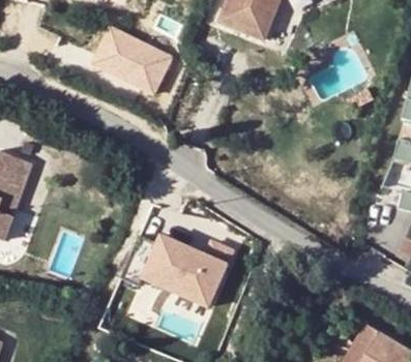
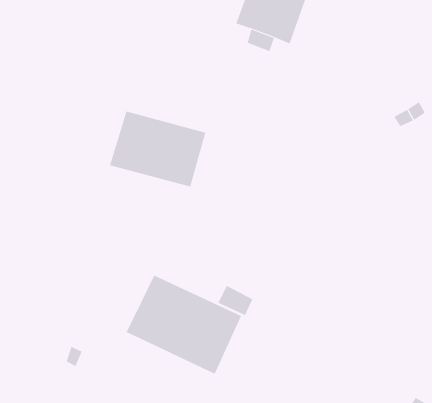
building: [91,26,170,88] -> [109,111,206,187]

